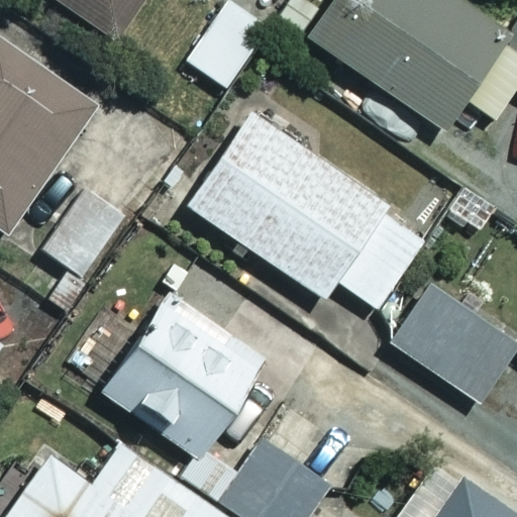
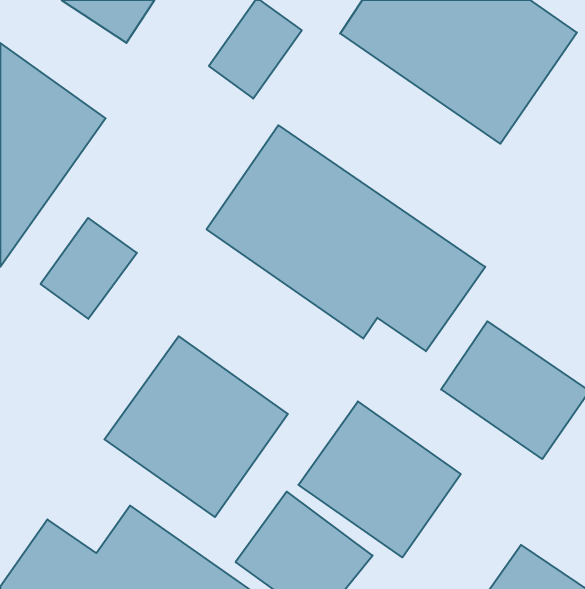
building: none -> [298,401,461,557]

